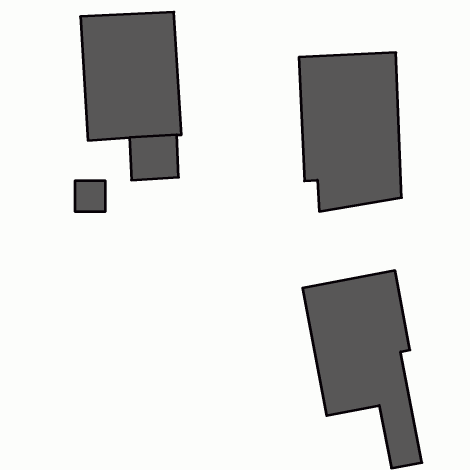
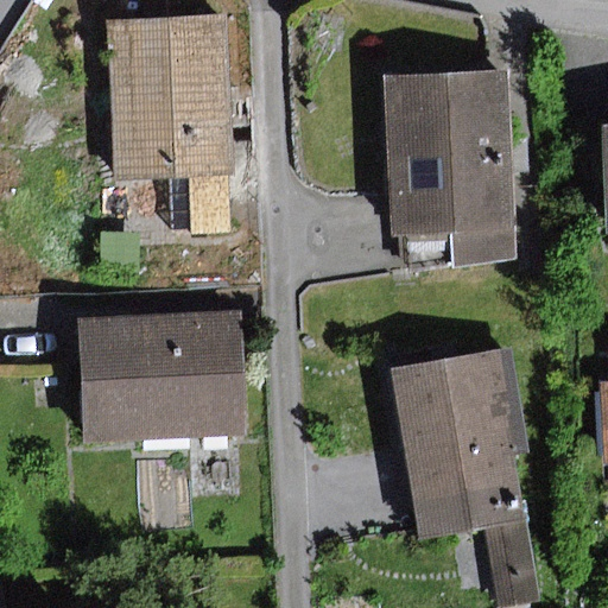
building: none -> [77,315,245,442]

